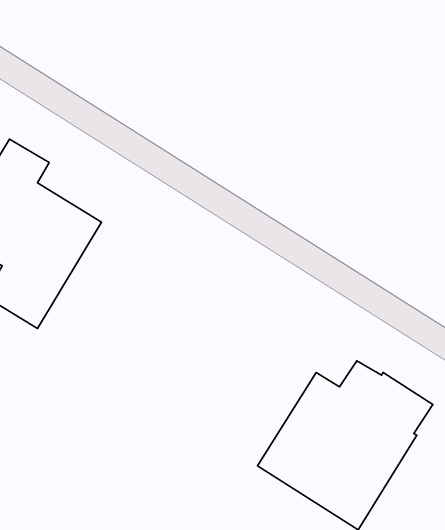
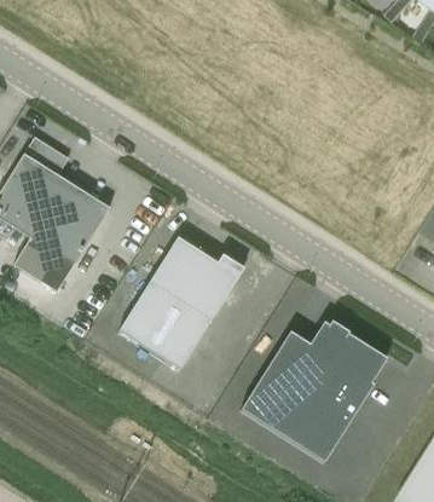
building: none -> [117,237,243,370]

